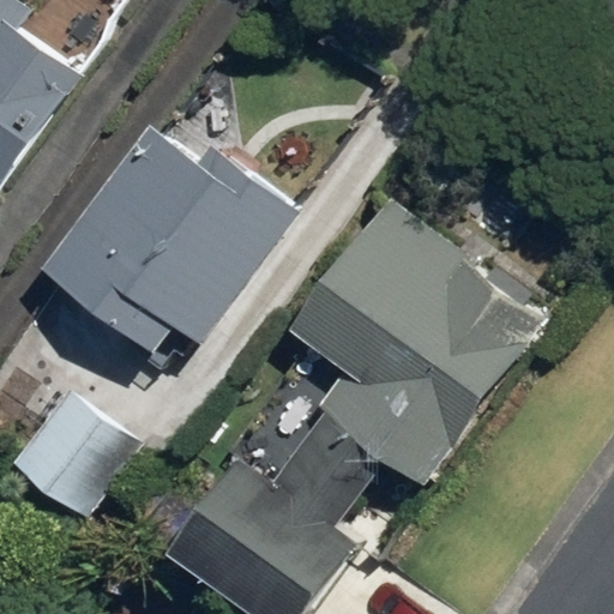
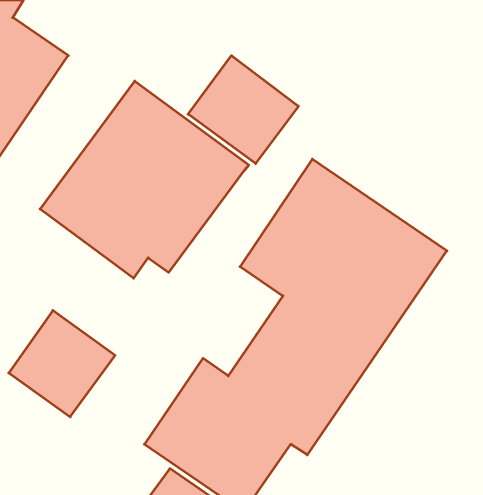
building: none -> [188,56,298,164]

